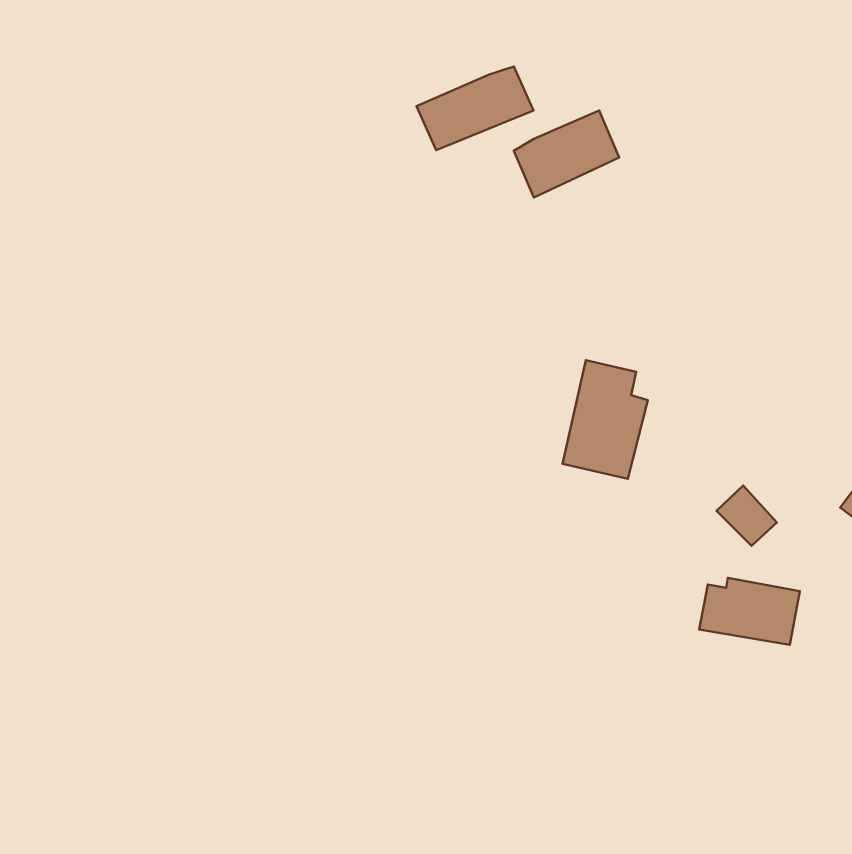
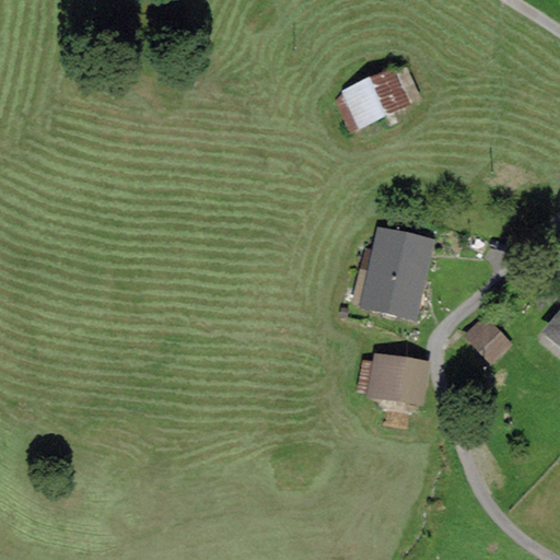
building: [417,67,533,150] -> none
building: [699,578,800,645] -> [361,357,427,400]

